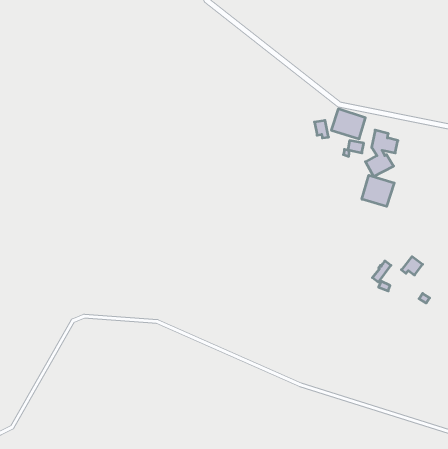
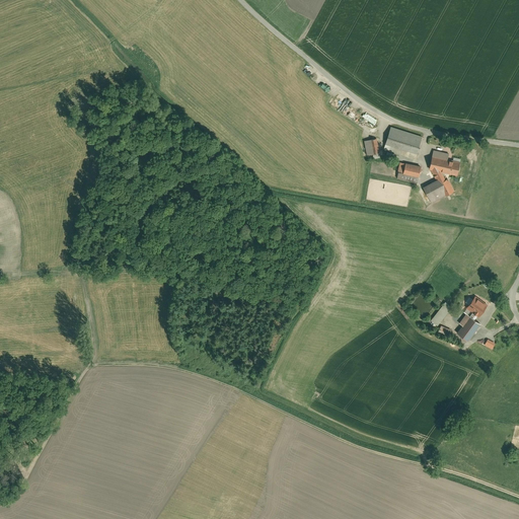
building: [362,175,394,206] -> none
building: none -> [456,311,481,342]

